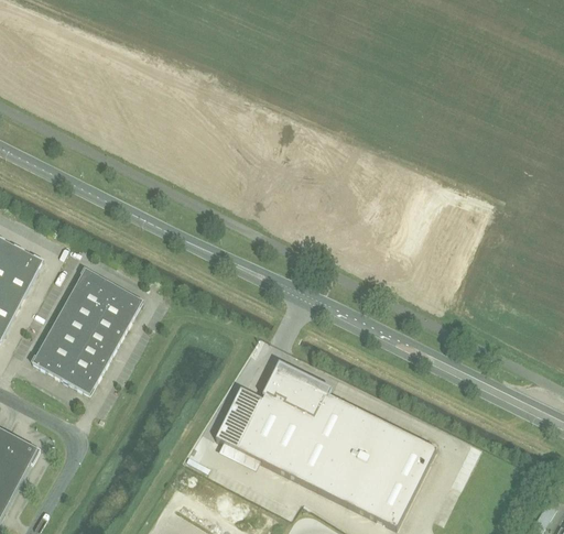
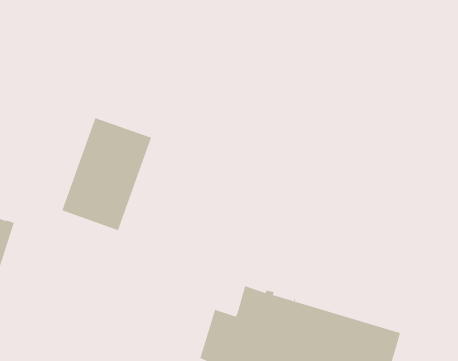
building: [32,266,142,392] -> [61,117,152,231]

